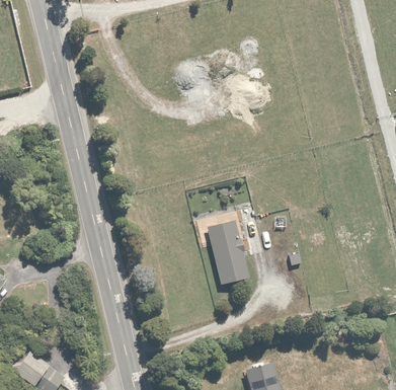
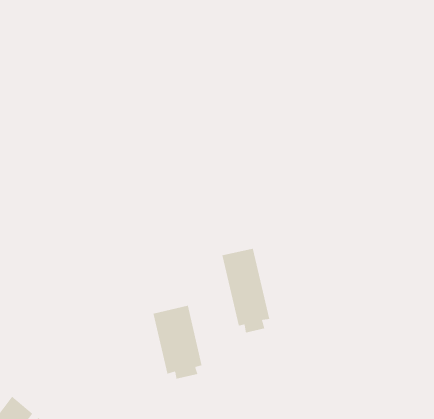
building: none -> [153,305,202,380]

